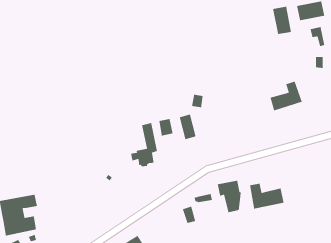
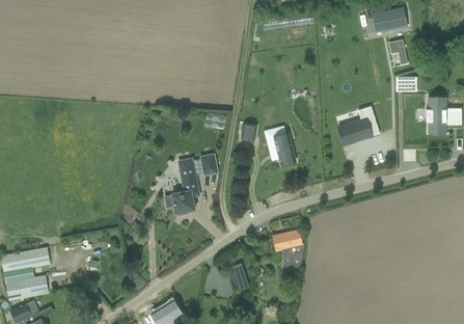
building: [272,6,292,35] -> none
building: [179,113,196,140] -> [274,132,296,165]
building: [249,183,285,209] -> none

